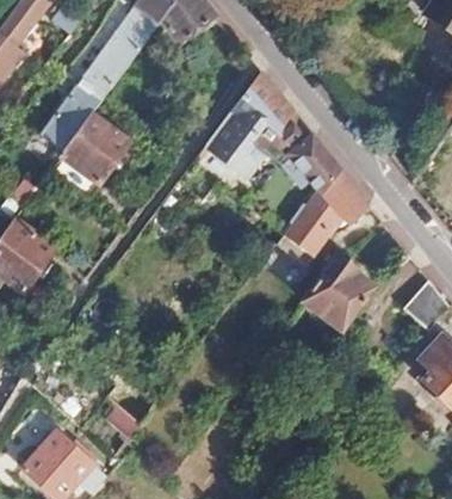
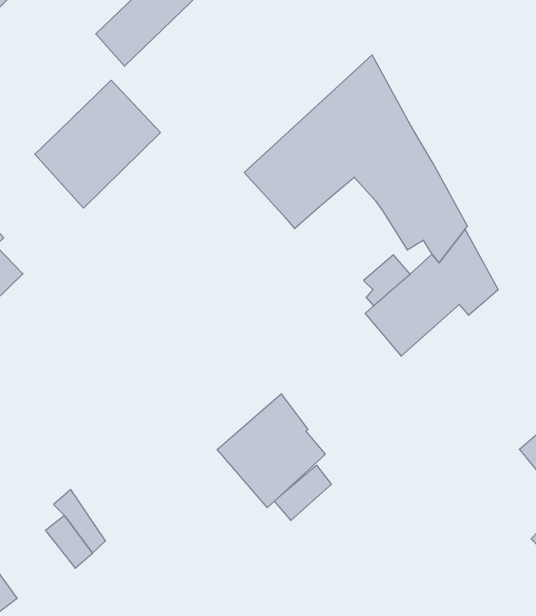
building: [42,85,100,153] -> none
building: [304,257,376,333] -> [217,394,325,508]

